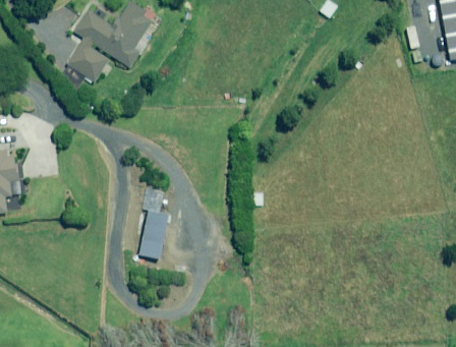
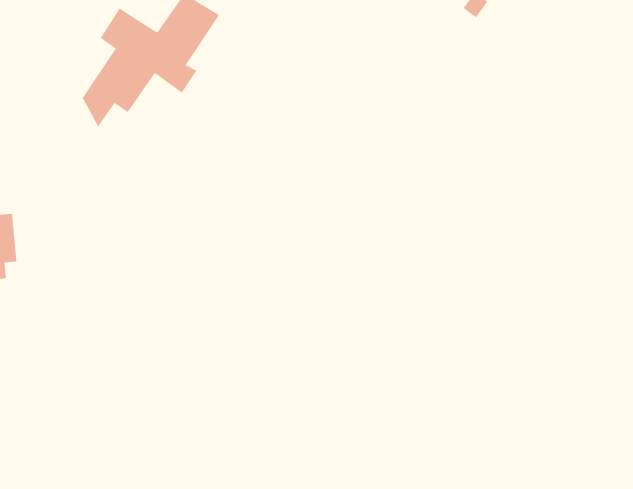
building: [140,187,171,257] -> none

